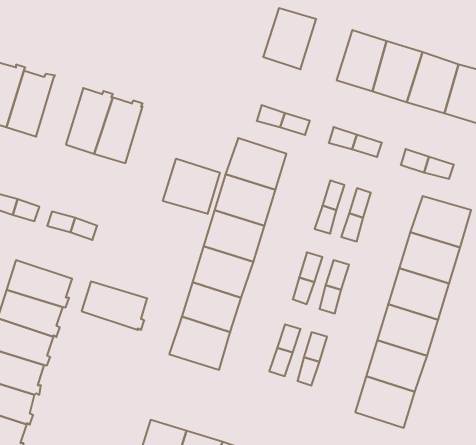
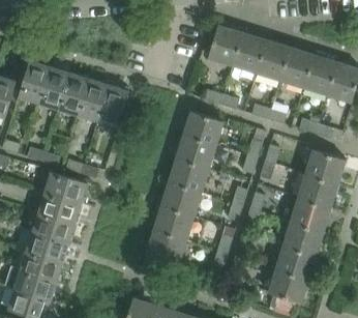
building: none -> [233,32,267,73]
building: none -> [58,71,89,115]
building: [163,159,220,214] -> none
building: [82,281,147,330] -> [44,172,88,204]

